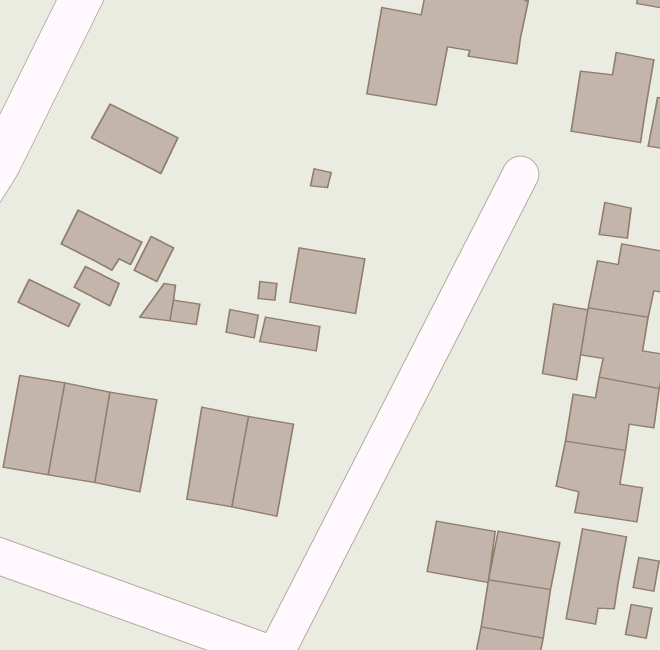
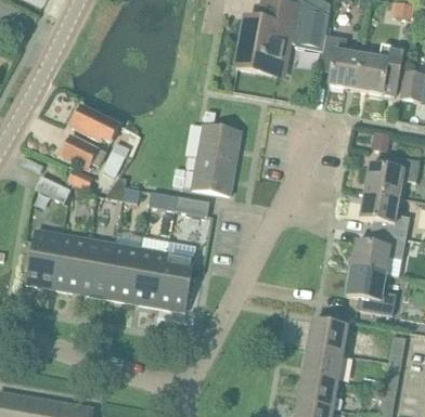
building: none -> [319,35,360,89]
building: [92,104,178,174] -> [69,105,119,145]
building: none -> [197,125,241,162]
building: [542,304,588,380] -> none
building: none -> [105,244,141,301]
building: [427,521,495,583] -> none
building: [566,529,626,624] -> none

